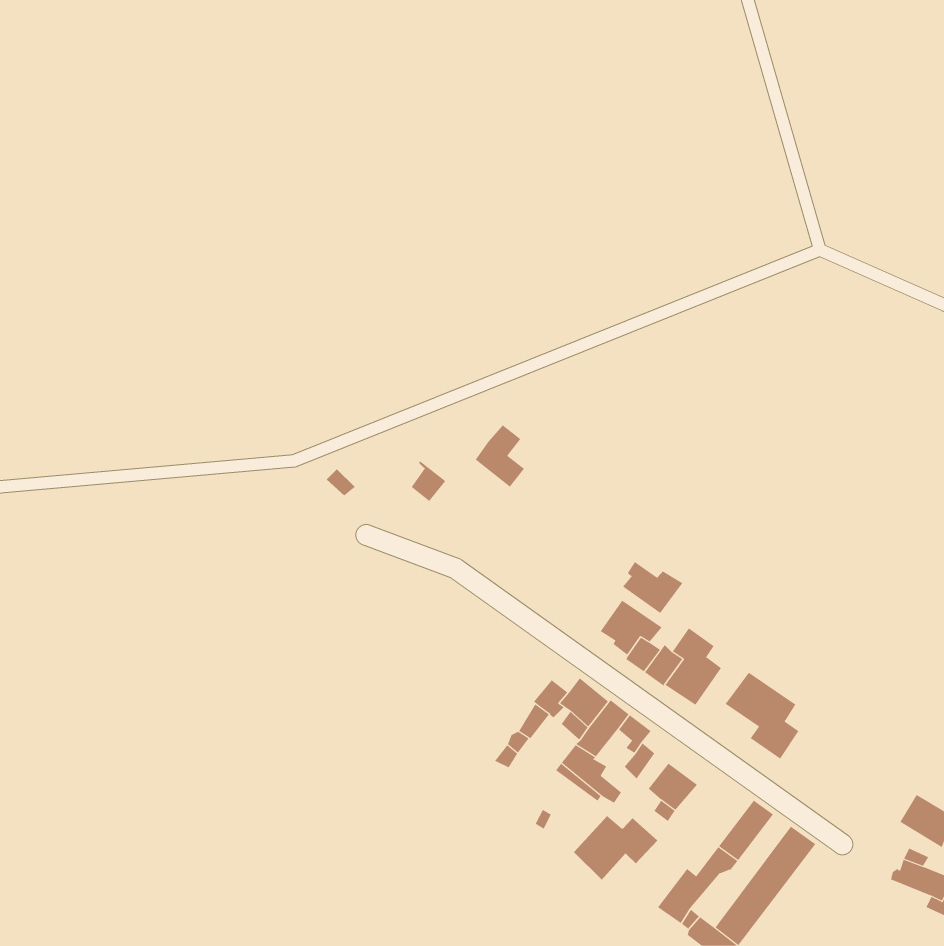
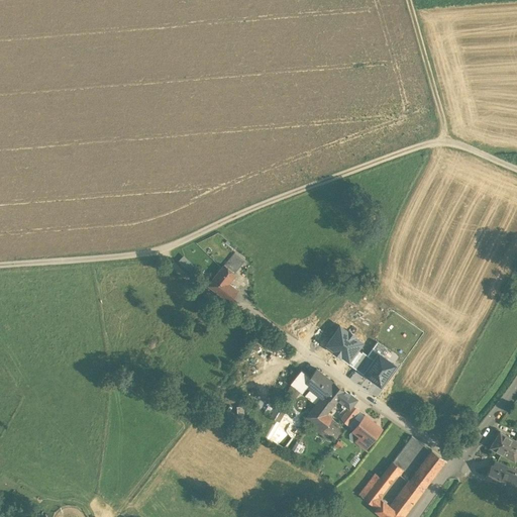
building: [475,424,525,487] -> [210,266,237,300]
building: [622,561,683,614] -> none
building: [725,672,799,759] -> none
building: [573,815,658,881] -> none

